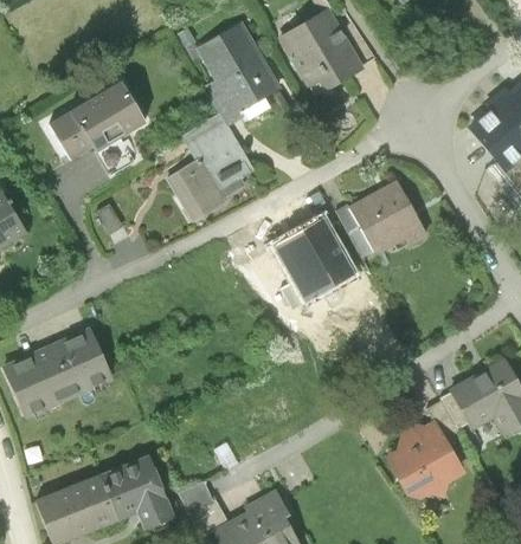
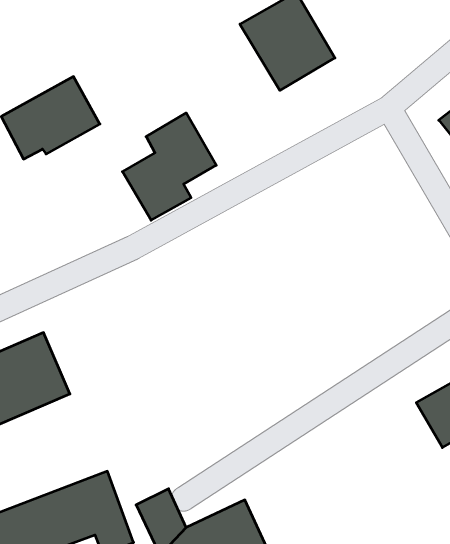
building: [194,18,282,118] -> none
building: [347,177,427,263] -> none
building: [266,211,360,307] -> none
building: [377,415,467,507] -> none

